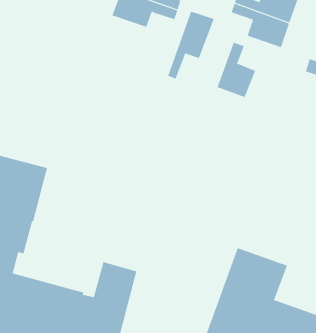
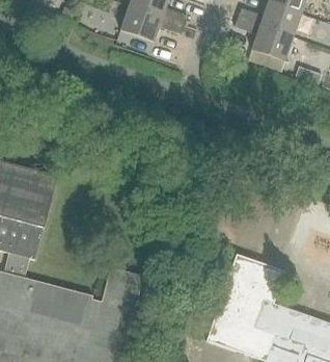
building: [167,11,214,80] -> none
building: [217,42,256,98] -> none

